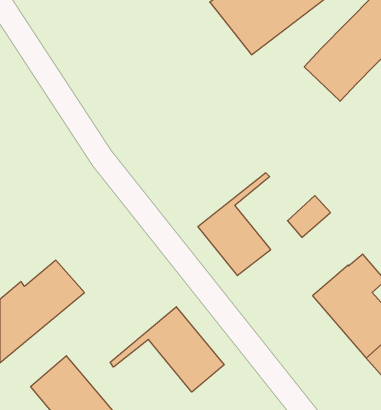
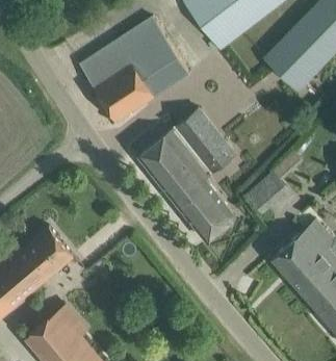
building: none -> [80,19,189,122]
building: none -> [139,108,232,199]
building: [110,307,224,392] -> none

